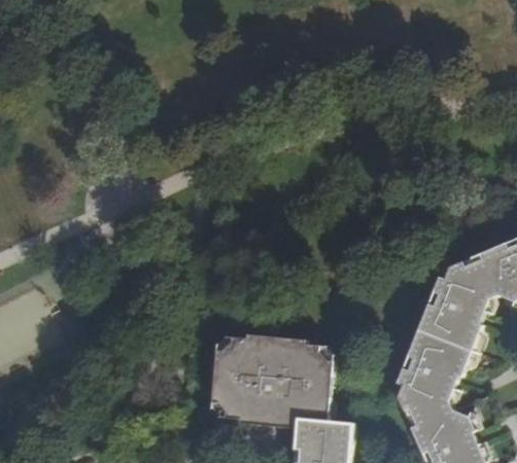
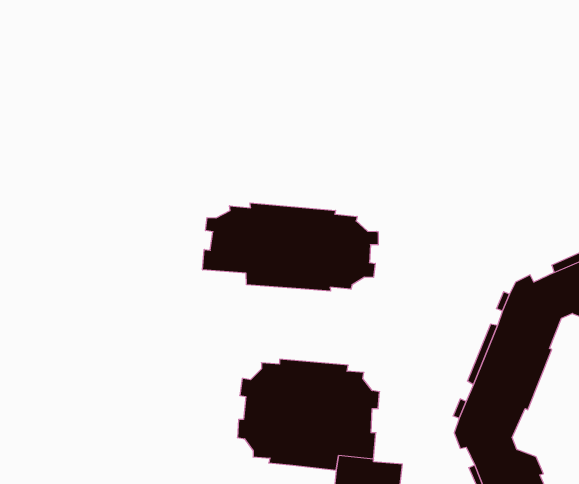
building: none -> [203,203,378,291]

